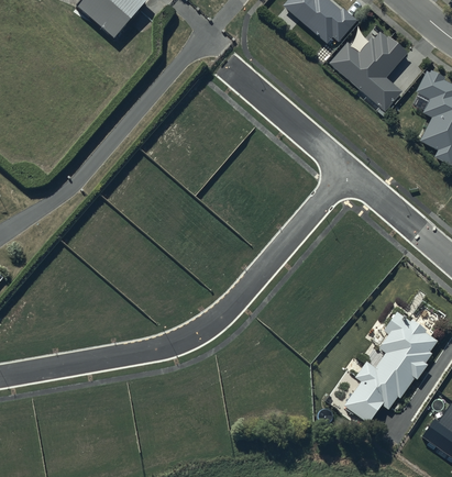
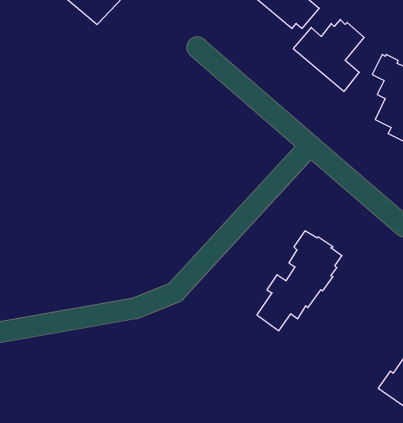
building: [343,313,437,423] -> [257,231,342,331]

